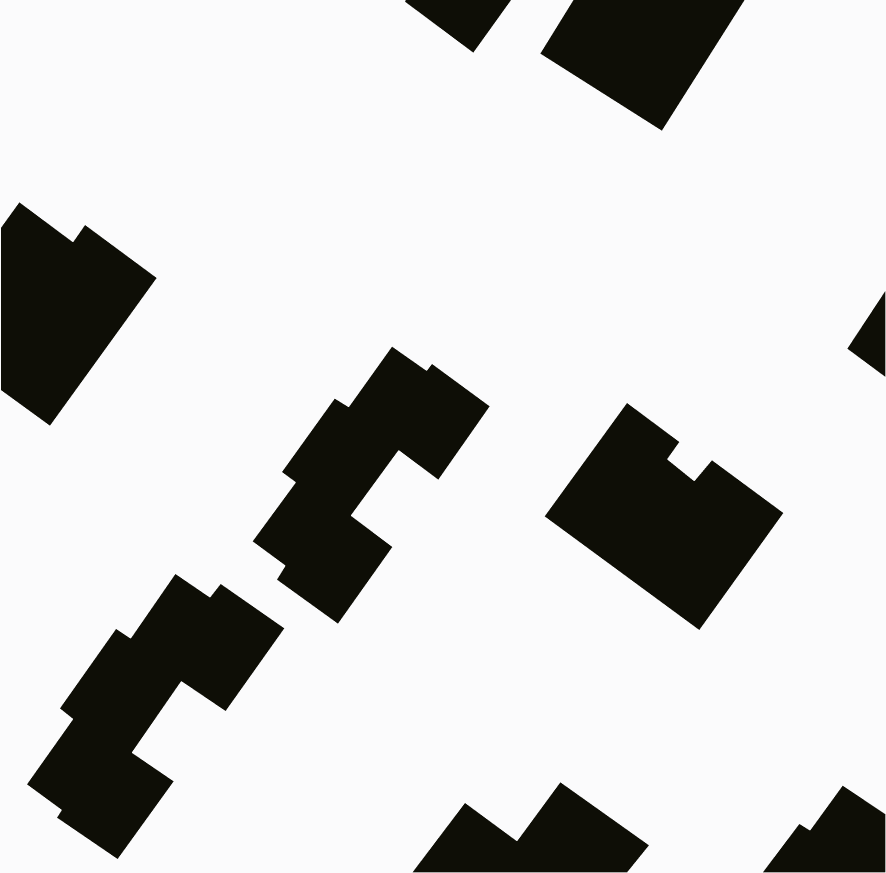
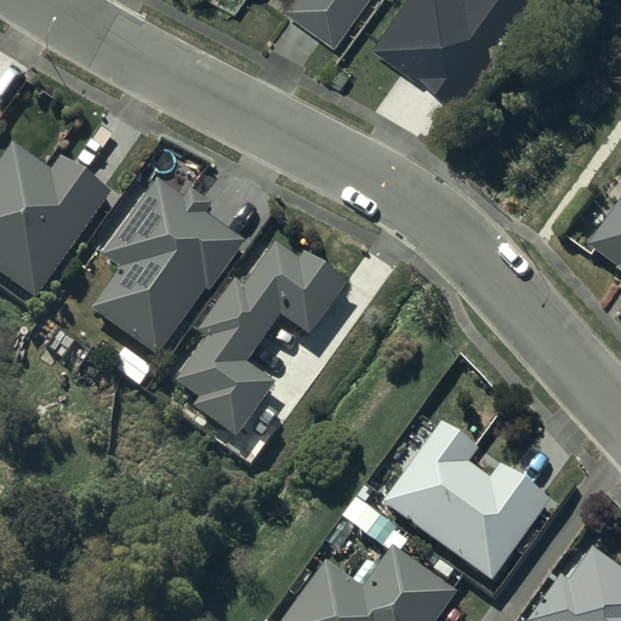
building: none -> [92,178,244,354]
building: [543,402,784,631] -> [381,421,549,581]
building: [26,573,285,860] -> none

